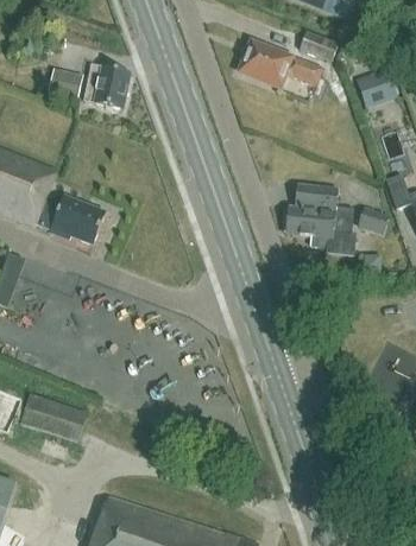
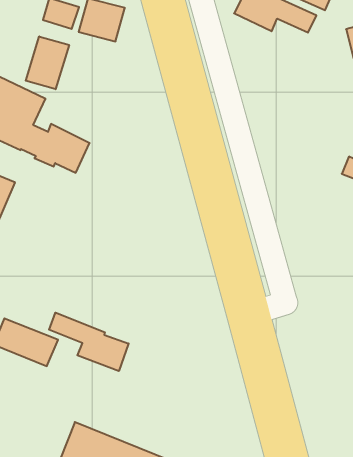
building: none -> [26,36,69,89]
building: [285,184,355,255] -> none
building: none -> [49,313,129,371]

